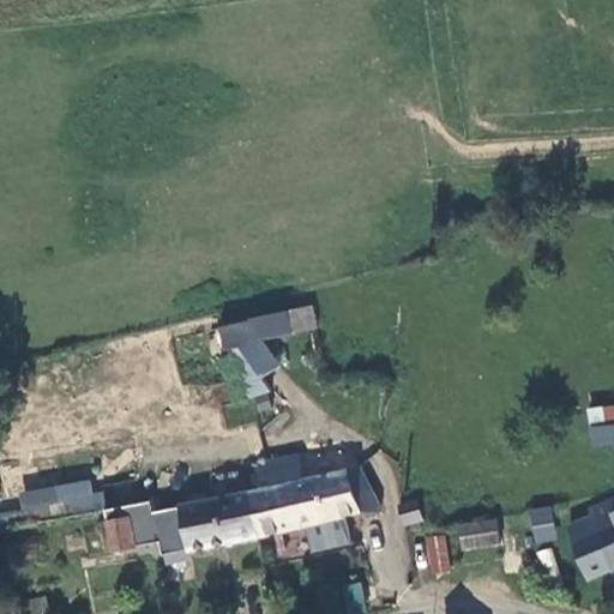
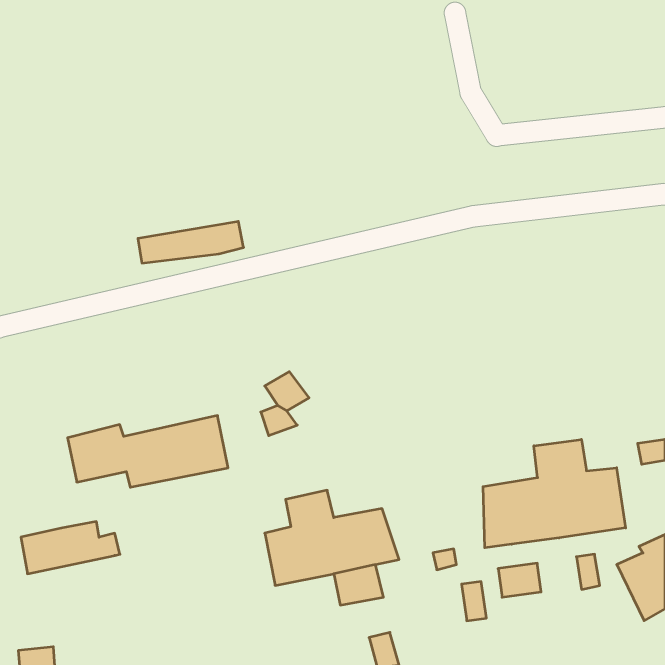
building: [222,306,319,344] -> [138,221,244,263]
building: none -> [483,439,626,548]
building: [106,492,253,558] -> [68,416,228,487]

